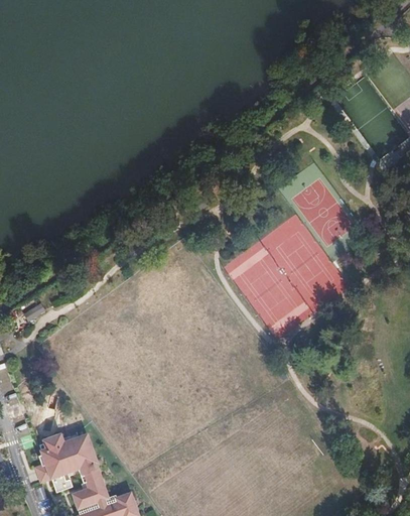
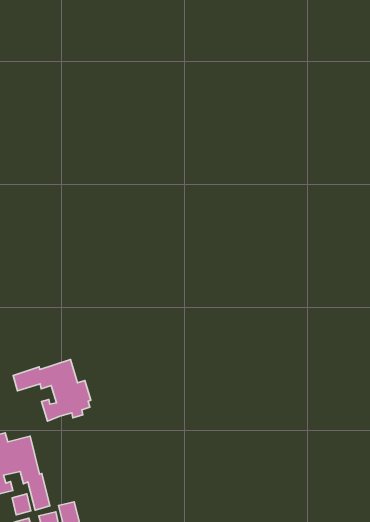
building: none -> [13,360,91,421]

